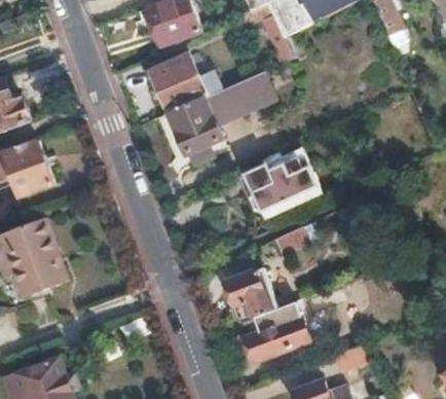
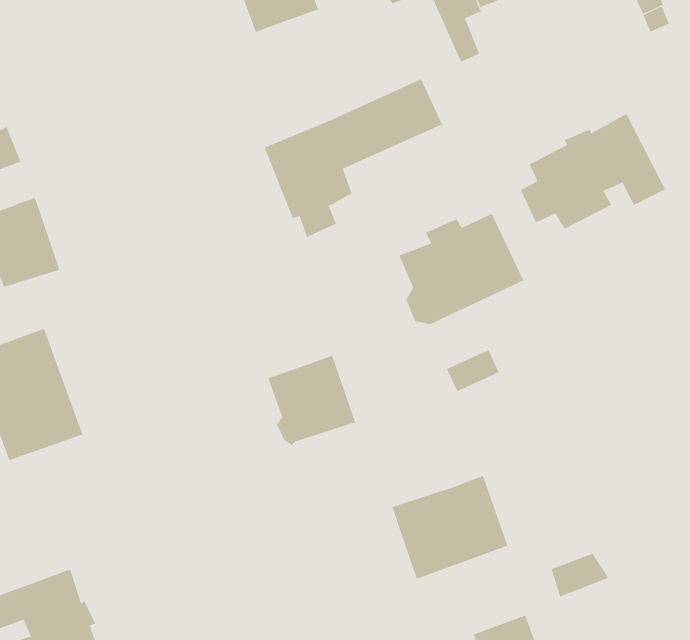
building: [151,56,207,112] -> none
building: none -> [520,113,666,229]
building: [227,270,278,323] -> [267,355,356,445]

